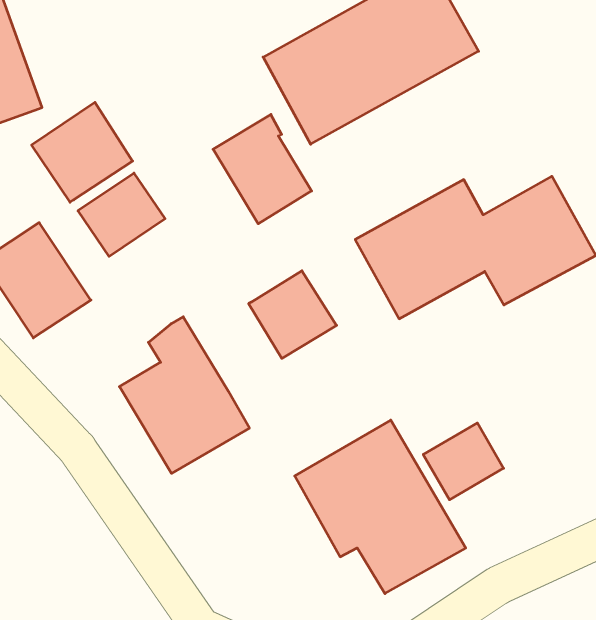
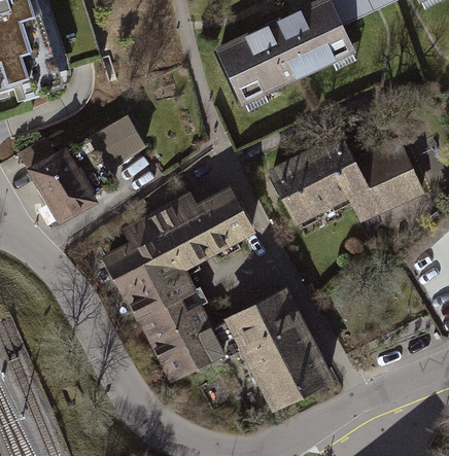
building: [32,102,133,202] -> none
building: [213,114,312,224] -> [153,195,216,266]
building: [423,423,504,500] -> none
building: none -> [140,290,223,379]

